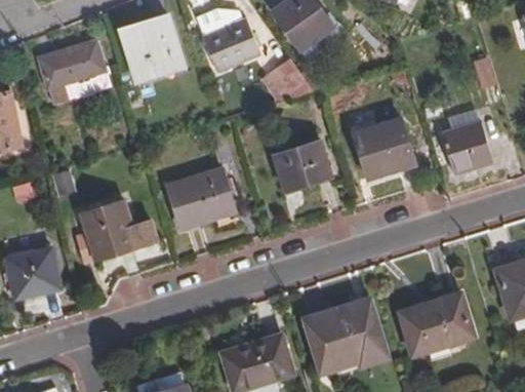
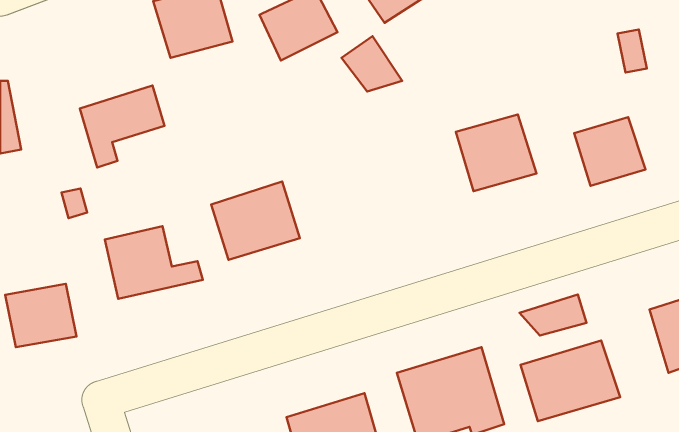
building: [36,41,100,104] -> [80,85,164,168]
building: [271,144,328,193] -> none
building: none -> [520,294,586,335]

